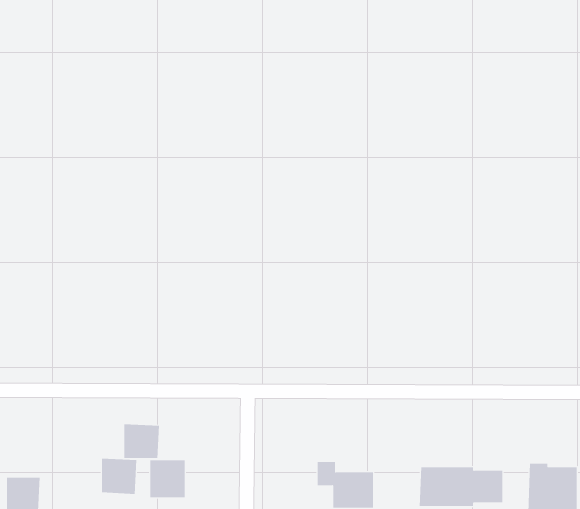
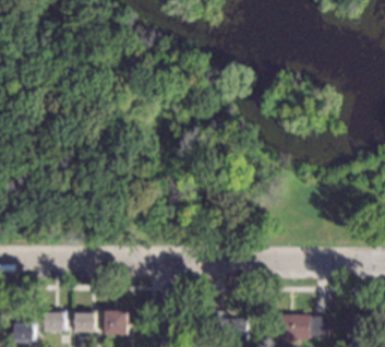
building: [124,424,160,458] -> [44,309,67,331]

